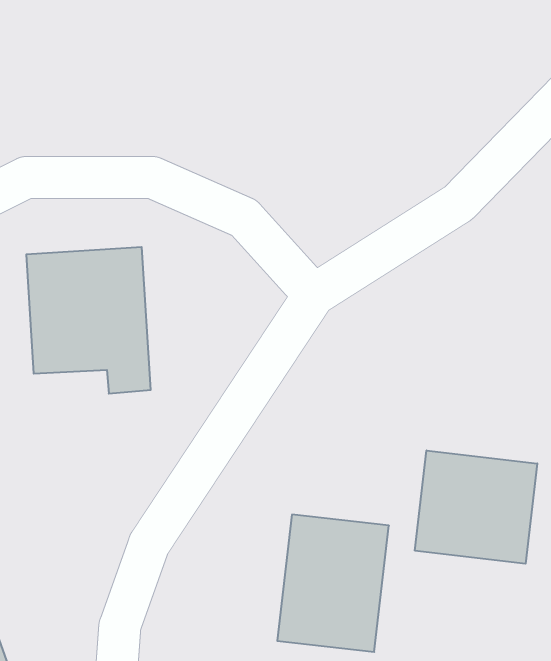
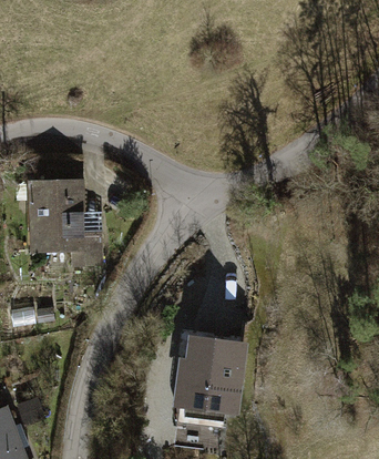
building: [415,450,537,564] -> none

